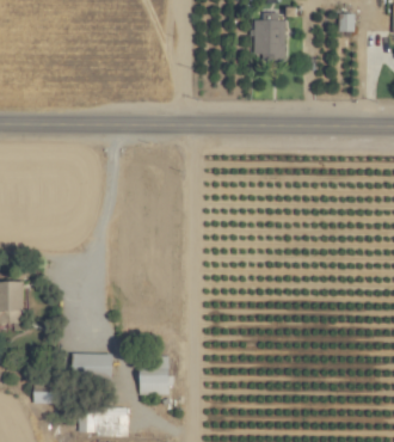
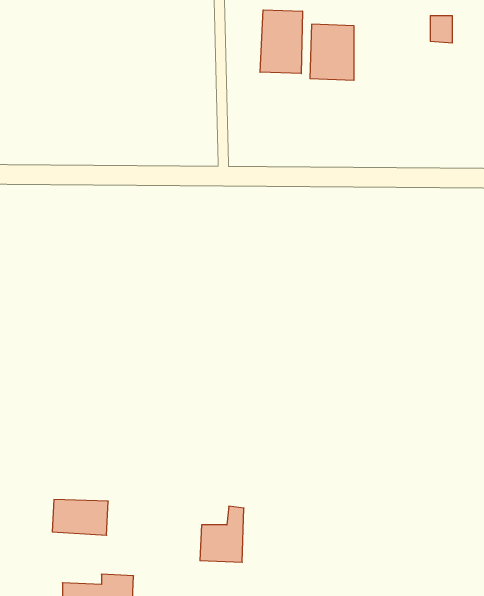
building: none -> [260,10,302,74]
building: [137,356,168,395] -> [200,506,244,562]

